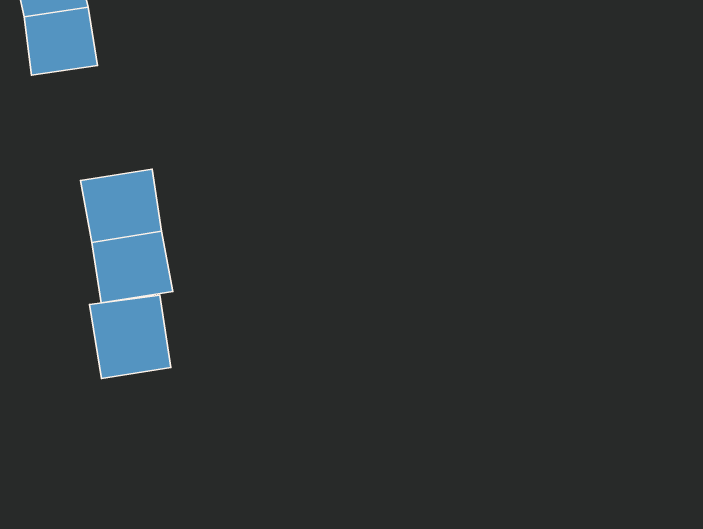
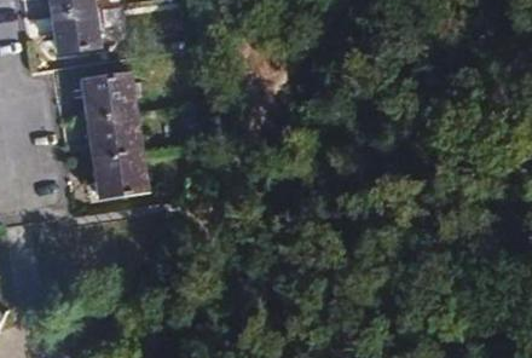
building: none -> [81,71,133,120]
building: [90,295,171,379] -> none

